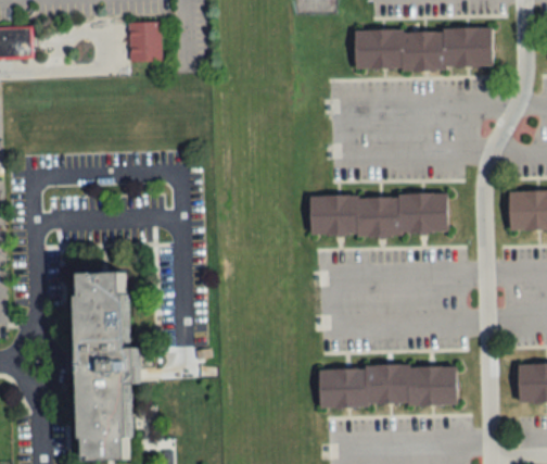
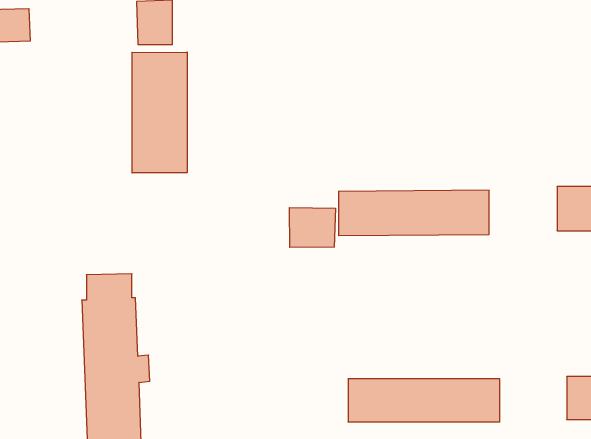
building: [354,28,493,70] -> none
building: none -> [132,52,187,173]
building: none -> [290,208,335,247]

